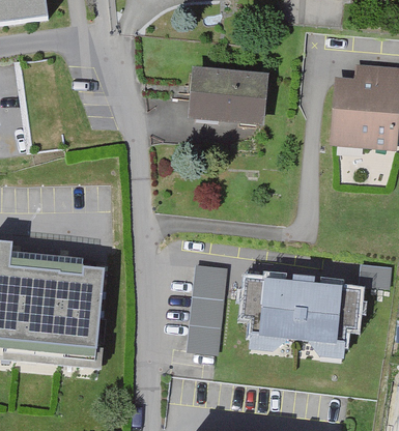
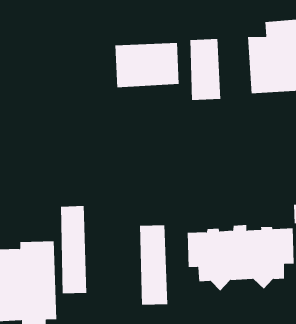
building: none -> [190,38,221,101]
building: none -> [60,205,87,294]

